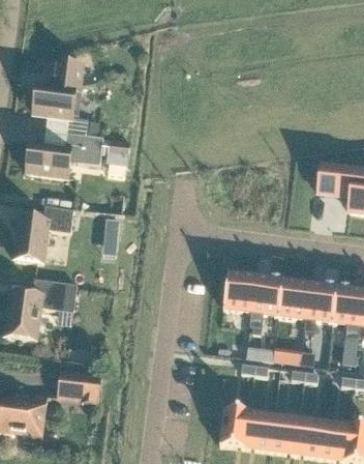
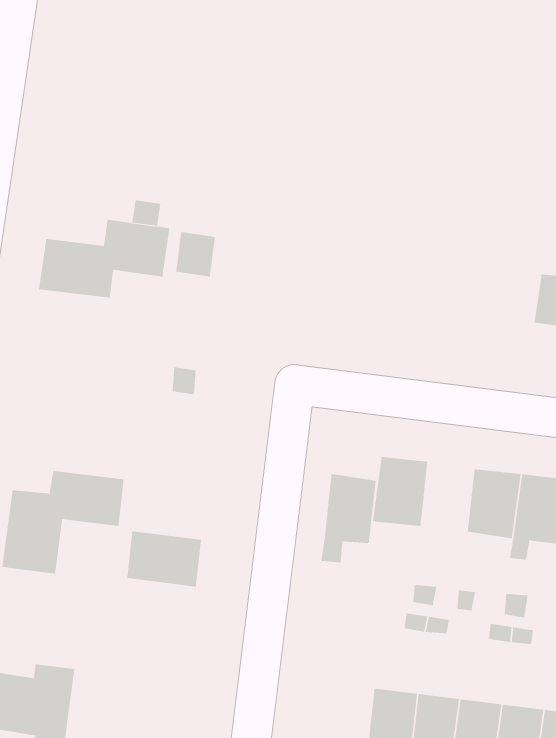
building: [32,61,81,116] -> none
building: [13,205,72,262] -> none
building: [248,273,281,326] -> [320,473,377,563]
building: [56,369,100,402] -> [126,531,202,587]

